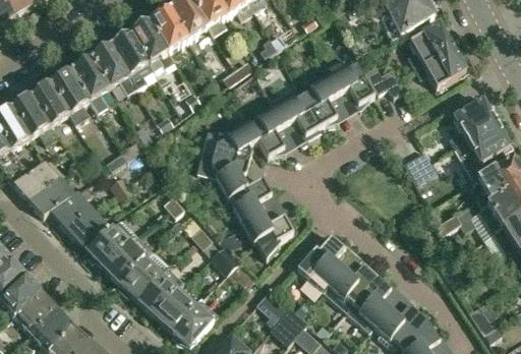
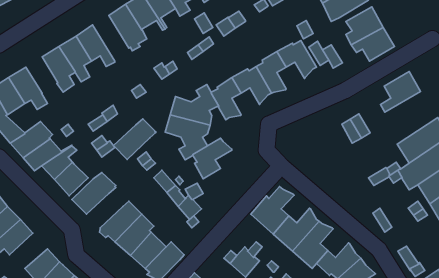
building: [111,33,154,91] -> none
building: [33,81,70,124] -> none
building: [455,122,510,178] -> none
building: [241,213,293,257] -> none
building: [104,235,154,283] -> [113,119,156,159]
building: [13,289,58,331] -> none

